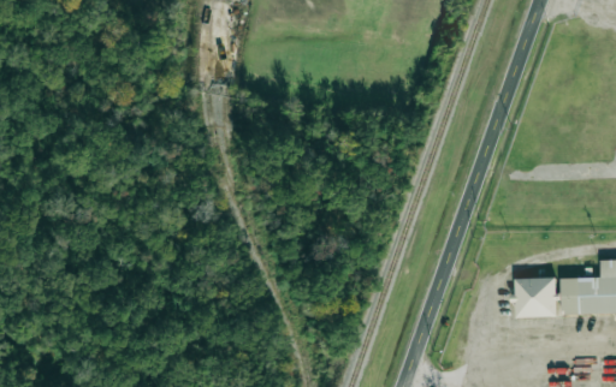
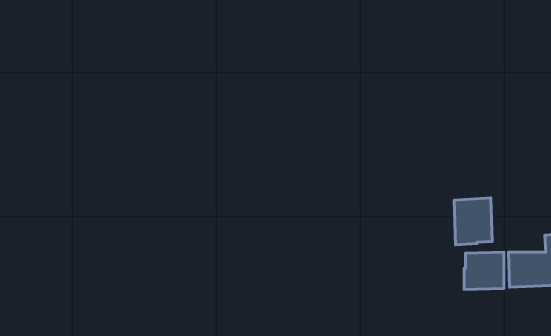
building: none -> [454,198,492,245]

